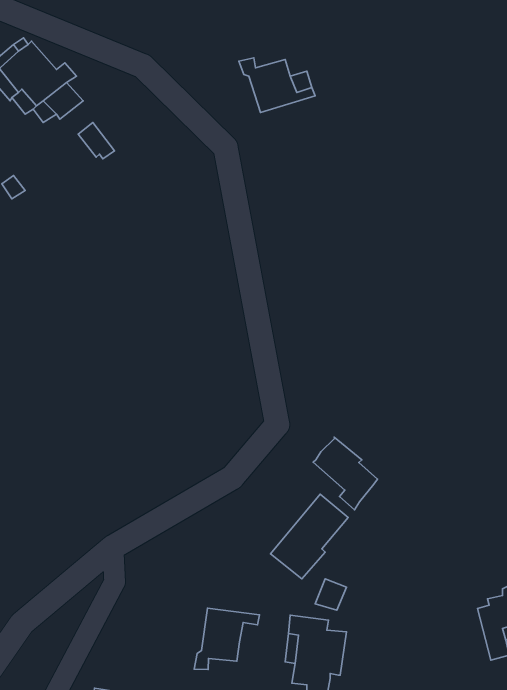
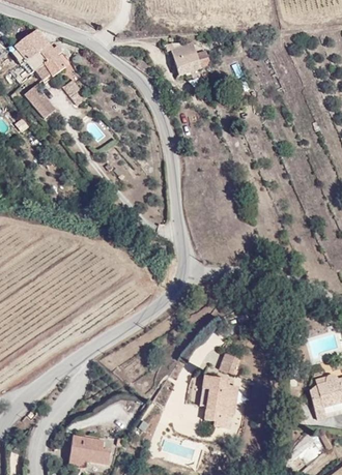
building: none -> [23,84,54,118]
building: [313,437,378,510] -> none
building: [194,608,260,670] -> none

